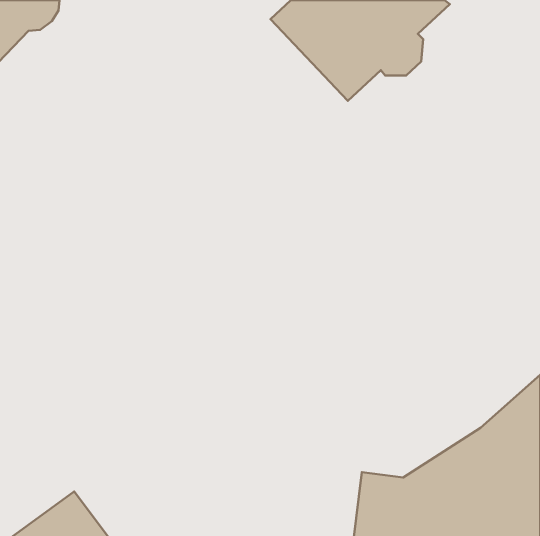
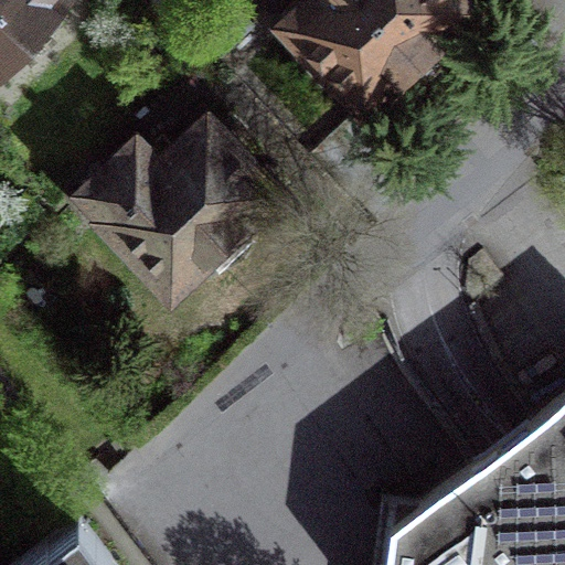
building: none -> [79,117,275,292]

